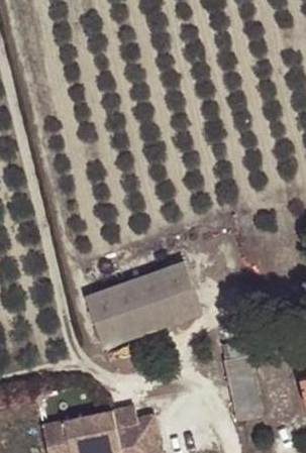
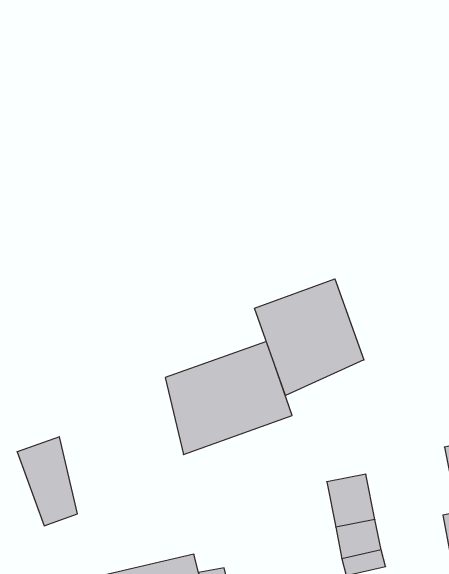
building: none -> [255,279,364,396]
building: [87,288,127,347] -> [17,437,77,526]

